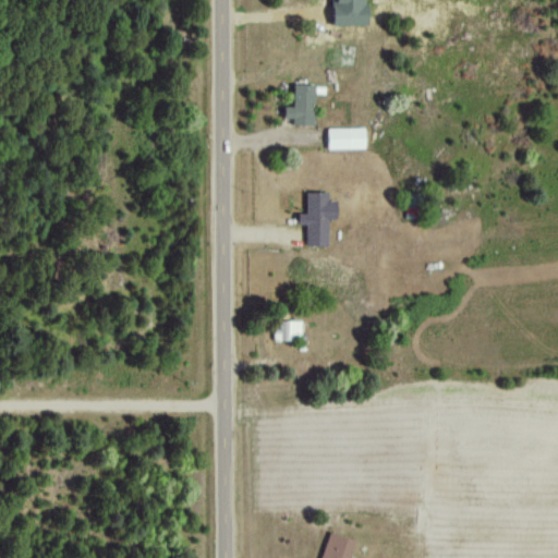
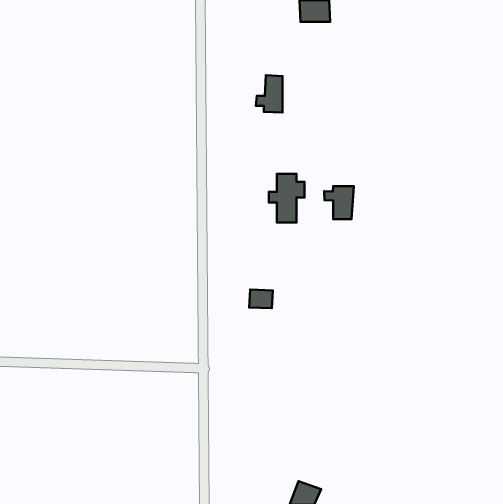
building: [328,128,366,149] -> none
building: none -> [324,186,354,219]

